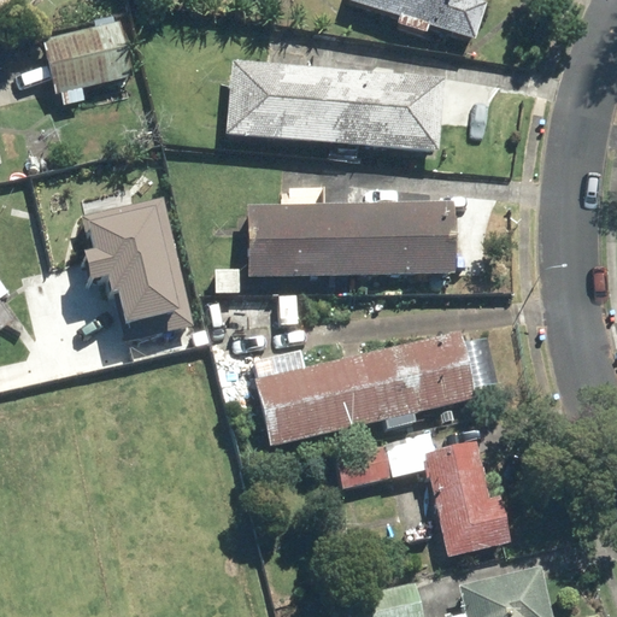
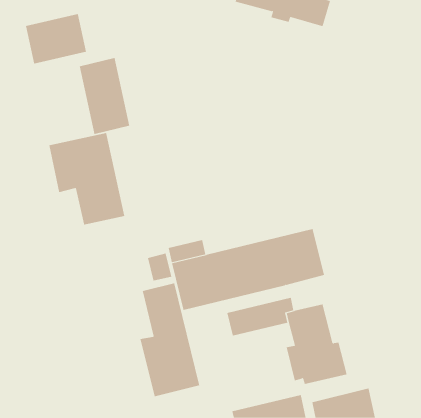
building: [224,59,445,153] -> none
building: none -> [79,57,130,135]
building: [247,205,451,277] -> none
building: none -> [140,283,200,397]

